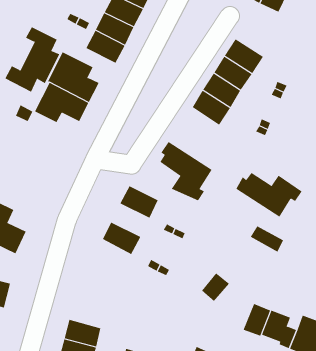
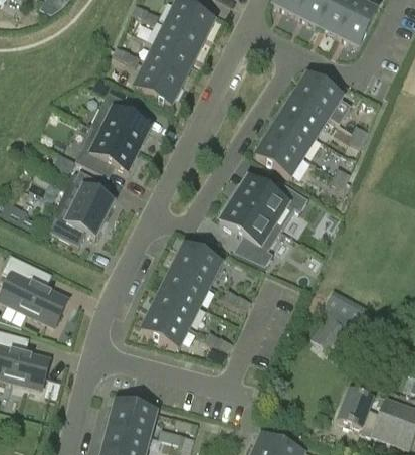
building: [4,26,60,92] -> [48,169,113,246]
building: [236,172,303,217] -> [230,175,307,228]
building: none -> [164,267,209,305]
building: none -> [143,308,188,347]
building: [201,272,230,302] -> [310,315,344,349]
building: [243,303,271,337] -> none

